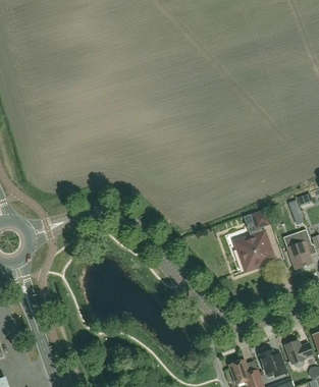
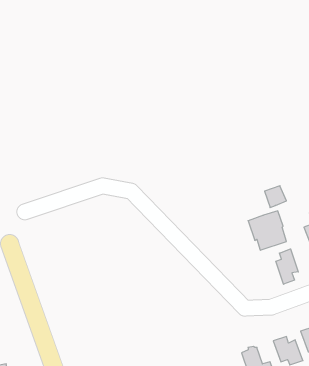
building: none -> [276,249,298,284]

